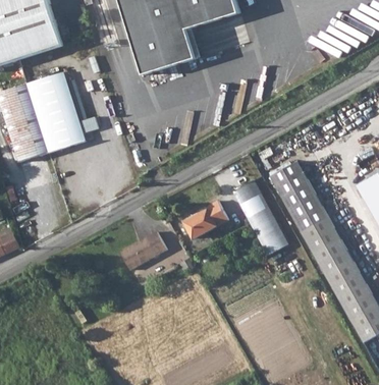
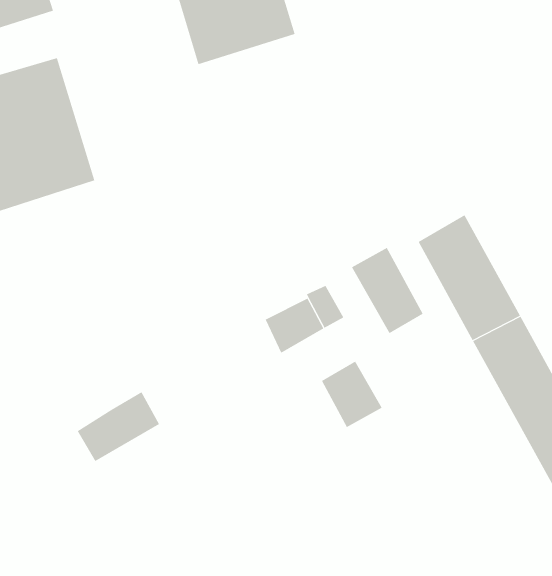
building: [253,216,287,254] -> [321,361,382,428]
building: [119,229,166,269] -> [77,392,160,462]

